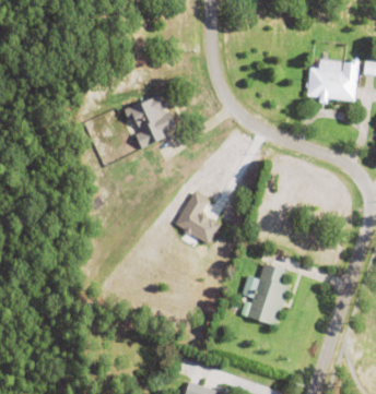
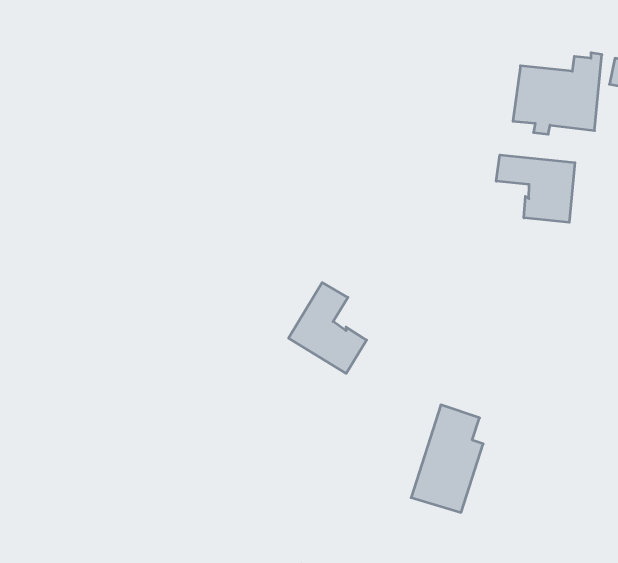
building: [124,95,177,150] -> none
building: none -> [496,155,575,222]

